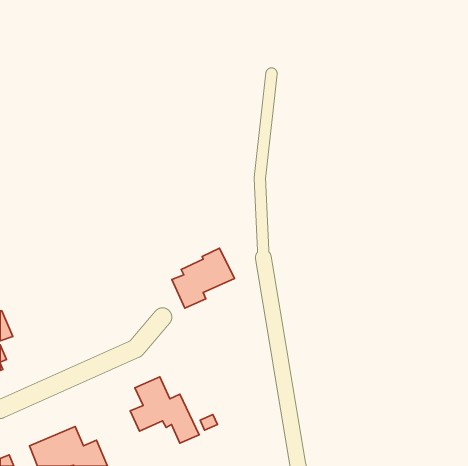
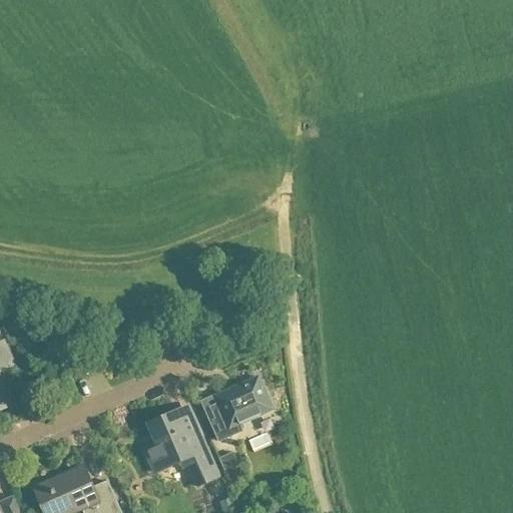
building: [172,248,234,308] -> [204,374,273,439]

